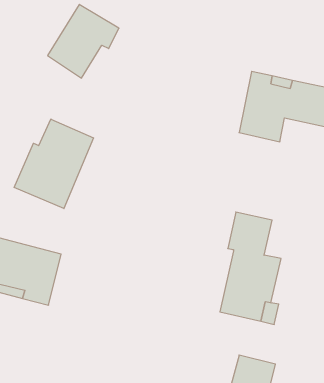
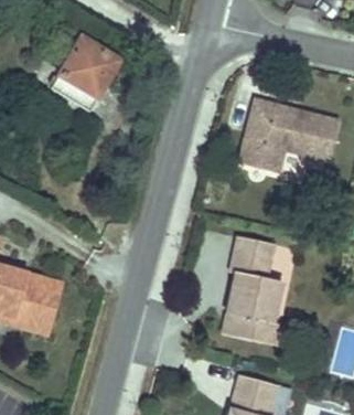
building: [14,119,93,209] -> none

